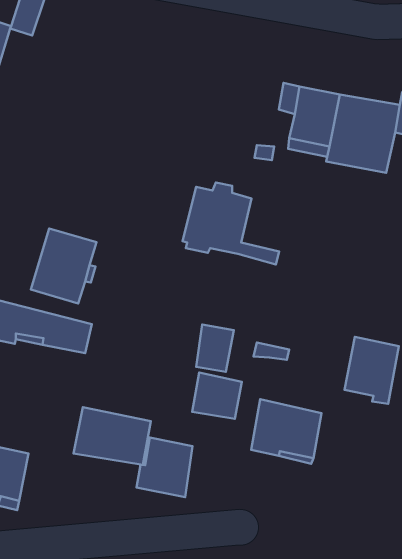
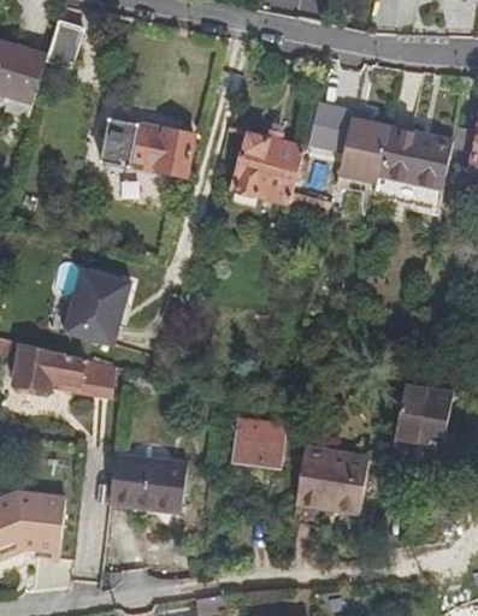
building: none -> [101,107,200,176]
building: [182,182,279,264] -> [232,132,334,218]
building: [196,324,234,372] -> none
building: [137,438,193,497] -> none

